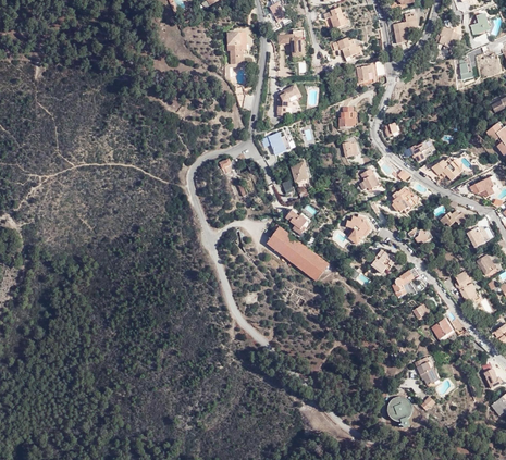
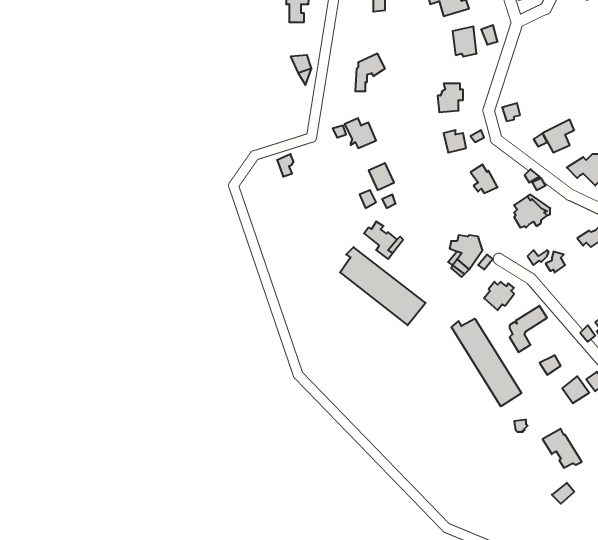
building: none -> [451,319,521,406]
building: [388,396,414,422] -> none

